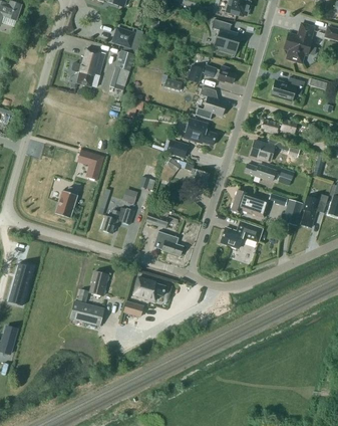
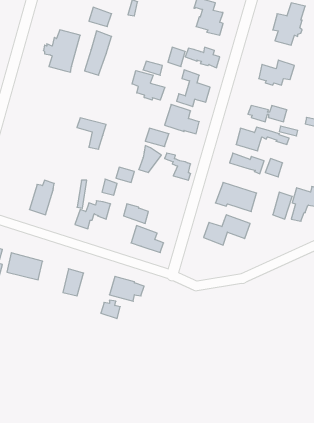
building: none -> [132,71,165,100]
building: [77,151,104,180] -> [77,118,106,149]
building: [70,301,103,327] -> [7,253,43,280]

